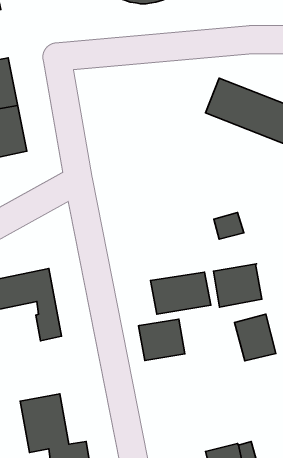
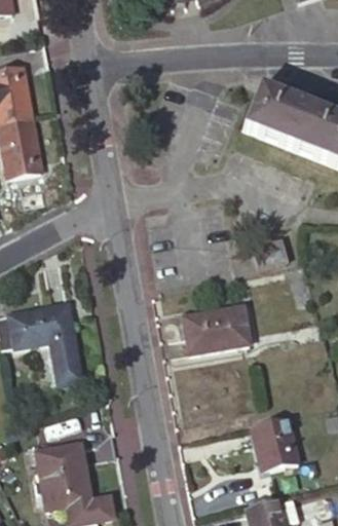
building: [214,264,262,307] -> none
building: [235,314,276,361] -> [251,417,297,469]
building: [139,319,185,361] -> none

